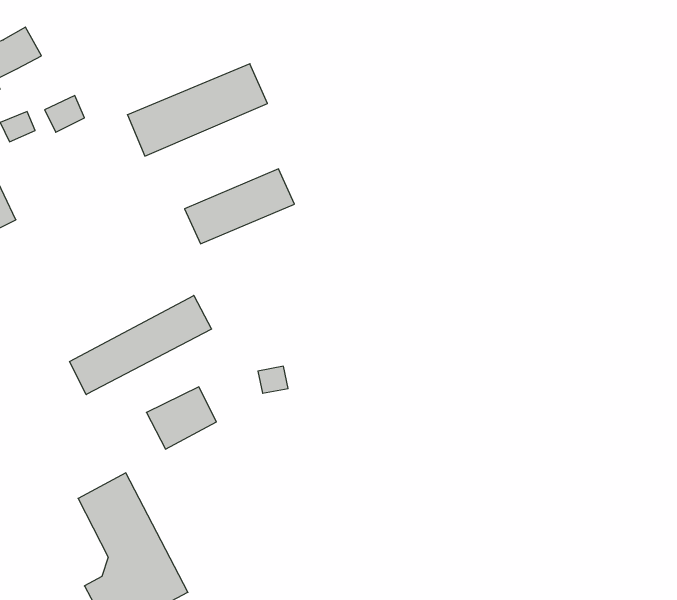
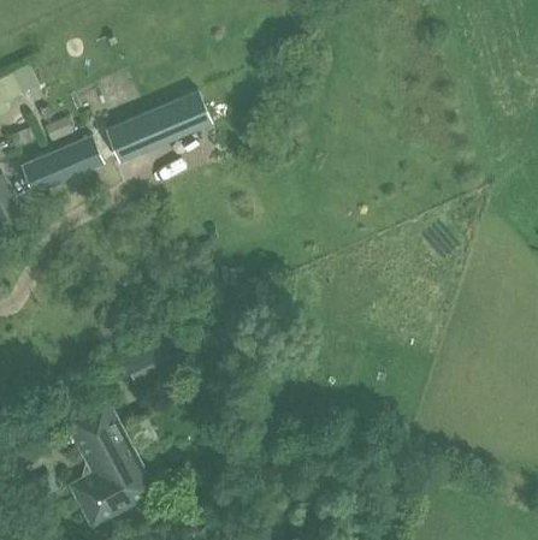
building: [185,169,294,244] -> [19,137,102,194]
building: [70,295,212,395] -> none

